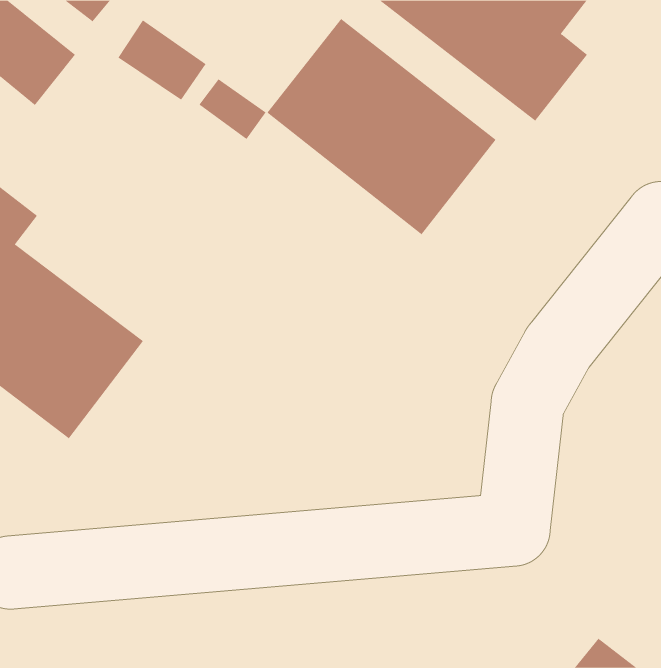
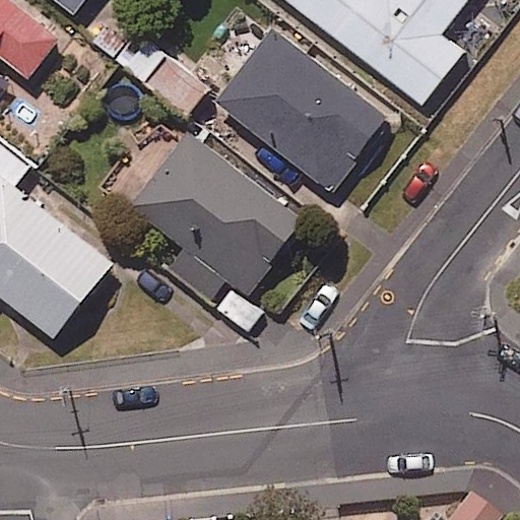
building: none -> [116,130,303,306]

